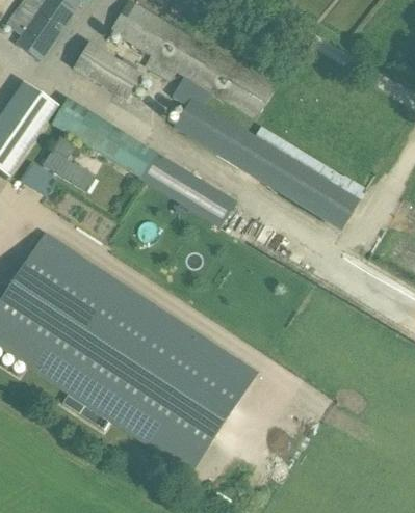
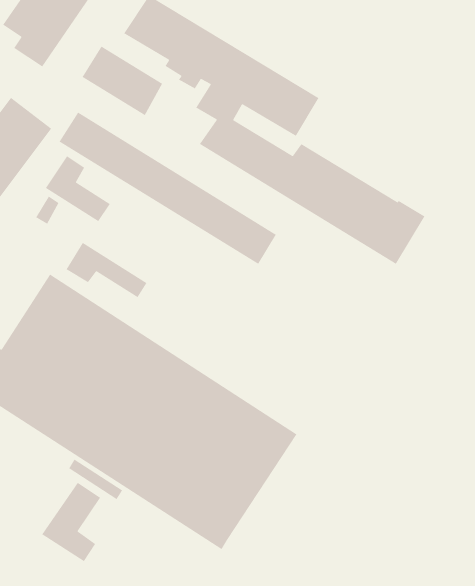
building: none -> [66,242,147,298]
building: none -> [41,482,101,562]

